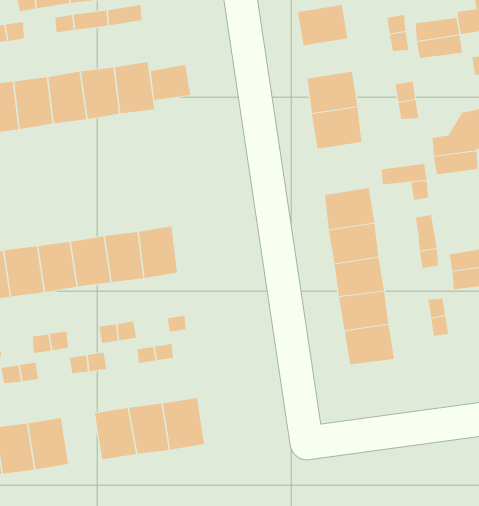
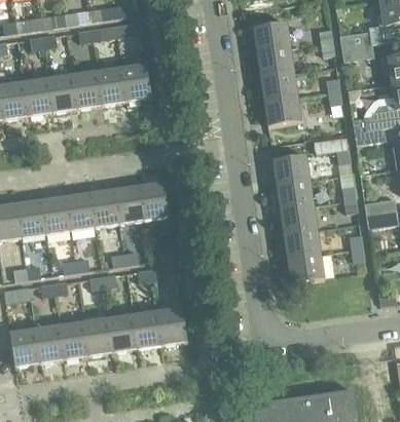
building: none -> [258,47,294,76]
building: [150,64,191,101] -> none
building: none -> [83,318,112,355]

